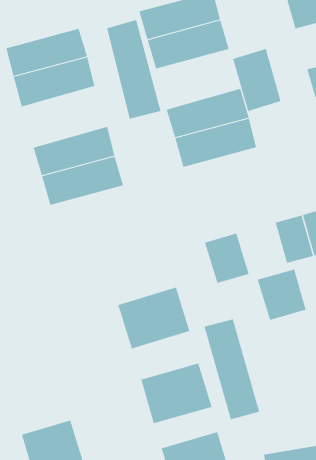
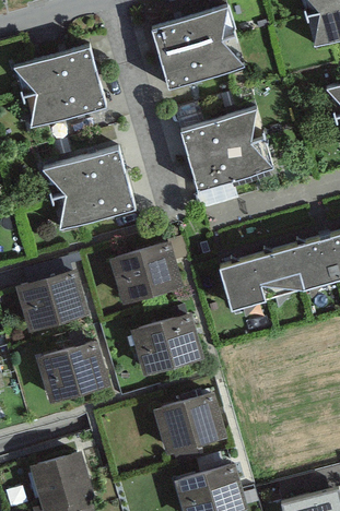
building: [107,19,161,120] -> none
building: [233,48,281,112] -> none
building: none -> [108,242,184,306]
building: none -> [15,268,90,333]
building: [257,269,307,321] -> [253,247,304,300]
building: none -> [36,341,109,404]
building: [204,319,260,420] -> none

